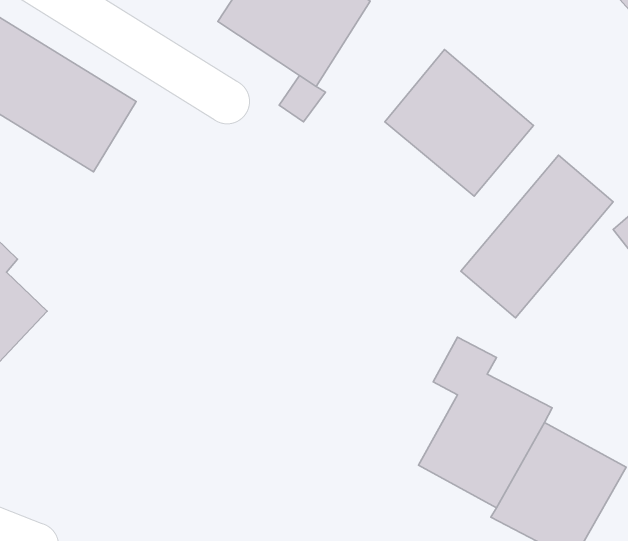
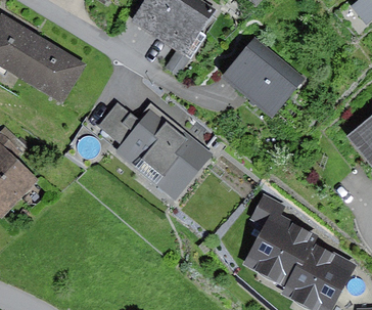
building: [461,155,613,318] -> none
building: none -> [98,102,215,203]

